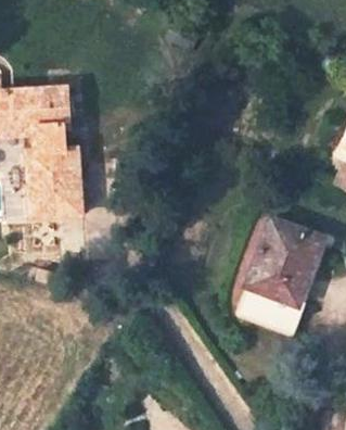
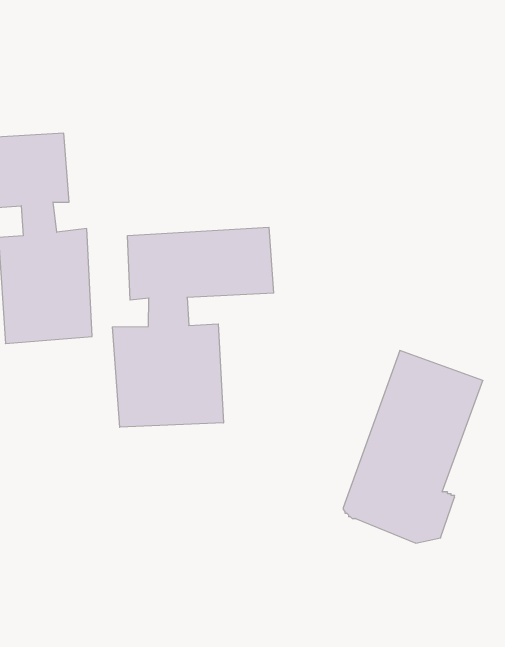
building: none -> [112,227,274,427]

